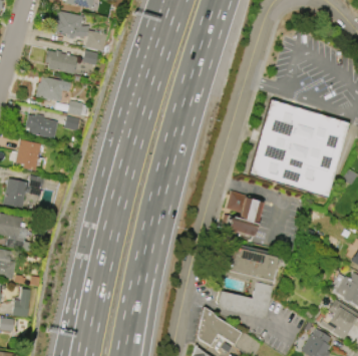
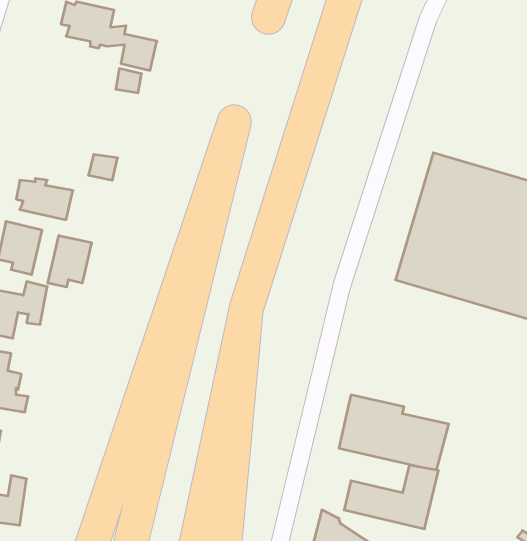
building: [45,50,77,73] -> none
building: [36,75,71,102] -> none
building: none -> [48,235,92,287]
building: [220,191,263,237] -> none

